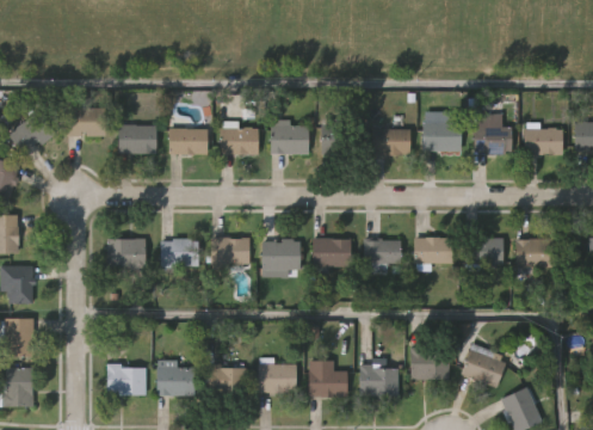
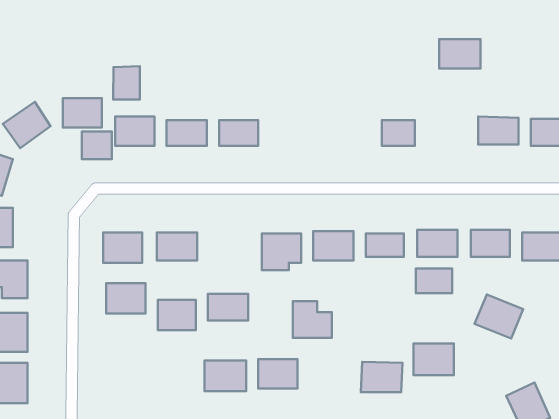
building: none -> [113,66,140,100]
building: [421,122,462,150] -> [439,39,481,69]
building: [271,123,309,154] -> none
building: [322,124,362,156] -> none
building: none -> [82,131,112,159]
building: [210,238,249,264] -> [208,294,248,321]
building: none -> [416,268,452,293]
building: [459,345,507,388] -> [474,295,523,339]
building: [309,360,347,395] -> [293,301,332,338]
building: [106,364,144,394] -> [106,283,145,314]
building: [157,364,194,394] -> [158,300,196,330]

